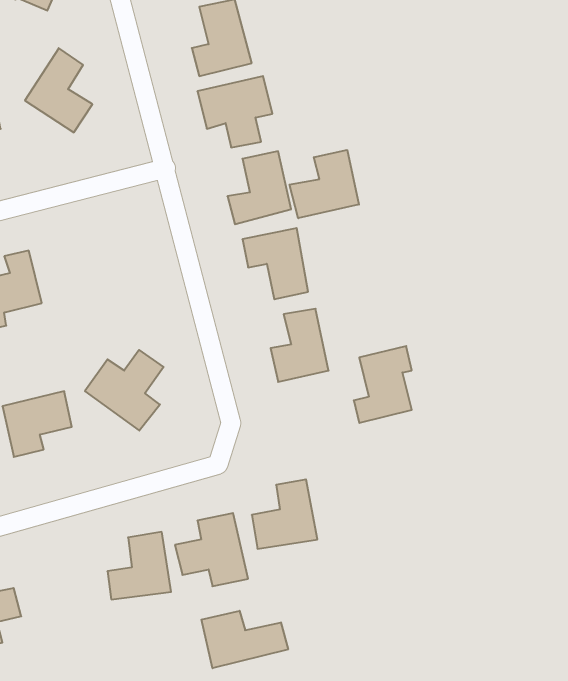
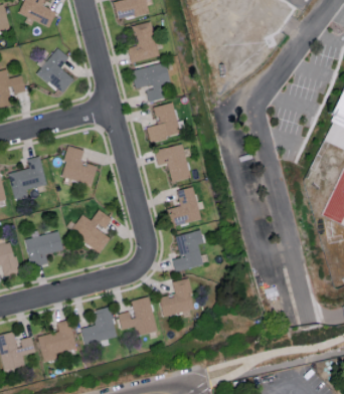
building: [290,150,359,218] -> none
building: none -> [60,146,96,184]
building: [354,346,412,423] -> [172,230,203,271]
building: none -> [37,320,75,363]
building: [201,611,288,668] -> none

